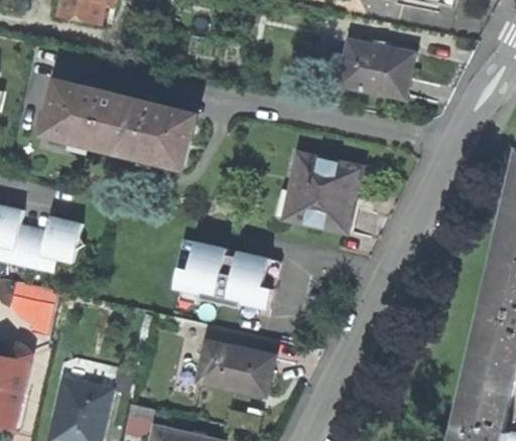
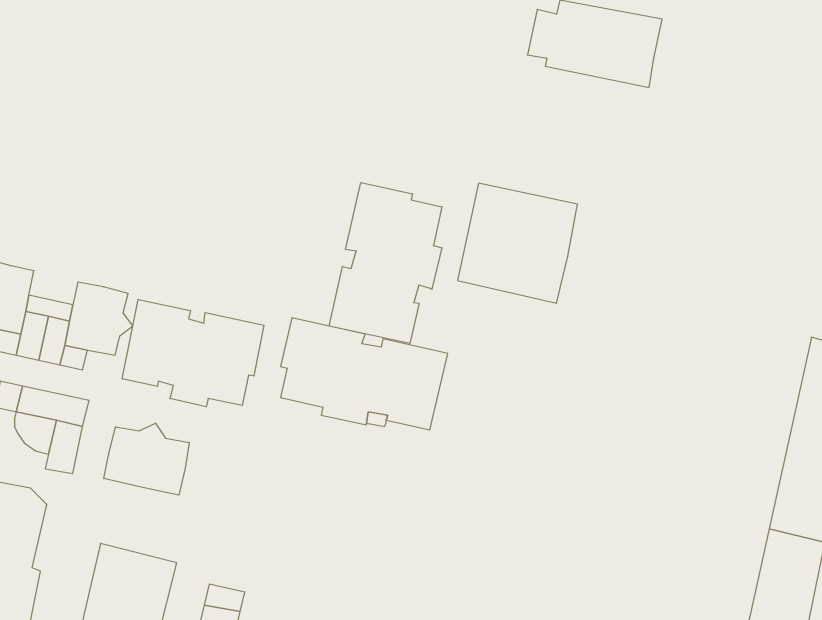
building: [50,86,194,164] -> none
building: none -> [329,183,442,344]
building: none -> [122,299,264,407]
building: none -> [104,423,189,495]
building: [197,342,273,396] -> none

